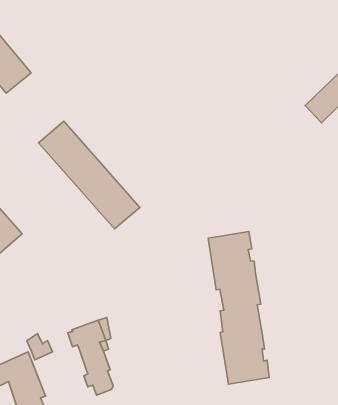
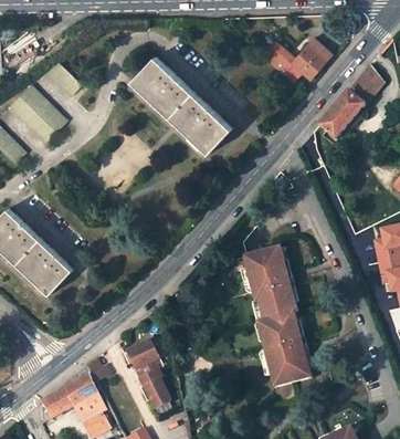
building: none -> [44,61,81,96]
building: none -> [261,39,330,83]
building: [39,121,140,229] -> [134,56,232,150]

